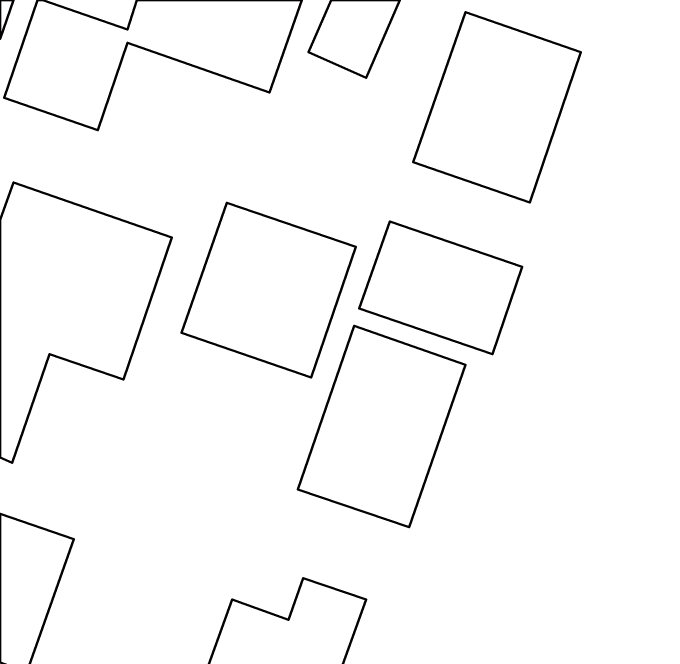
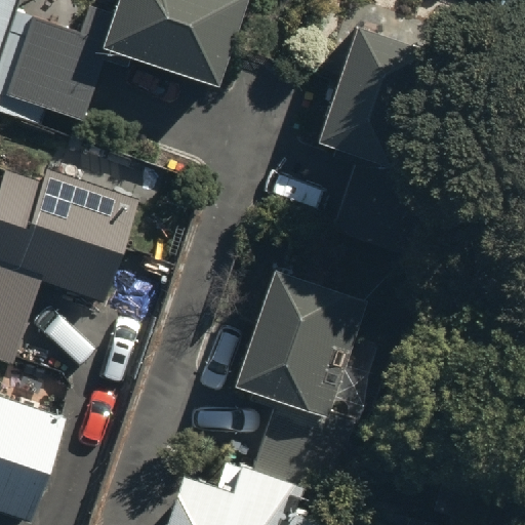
building: [181,203,356,378] -> none
building: [359,222,522,354] -> none

